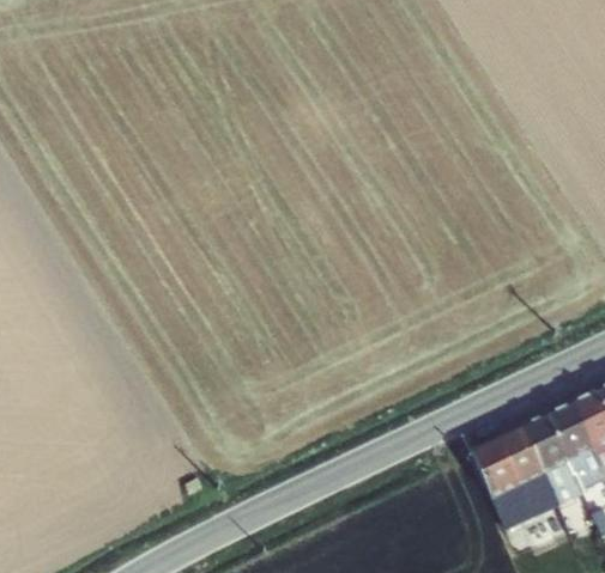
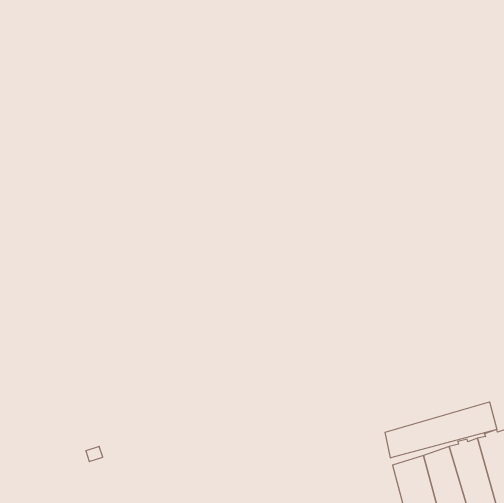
building: none -> [385,402,497,458]

